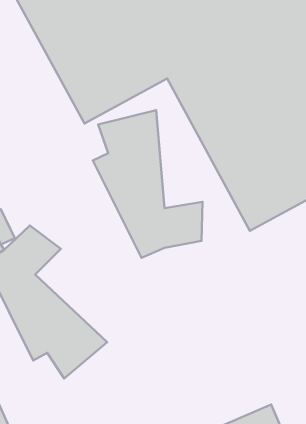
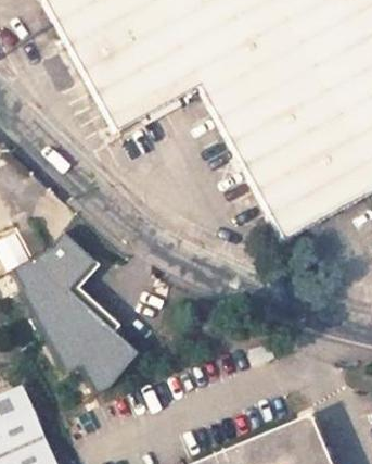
building: [93,110,203,258] -> none

